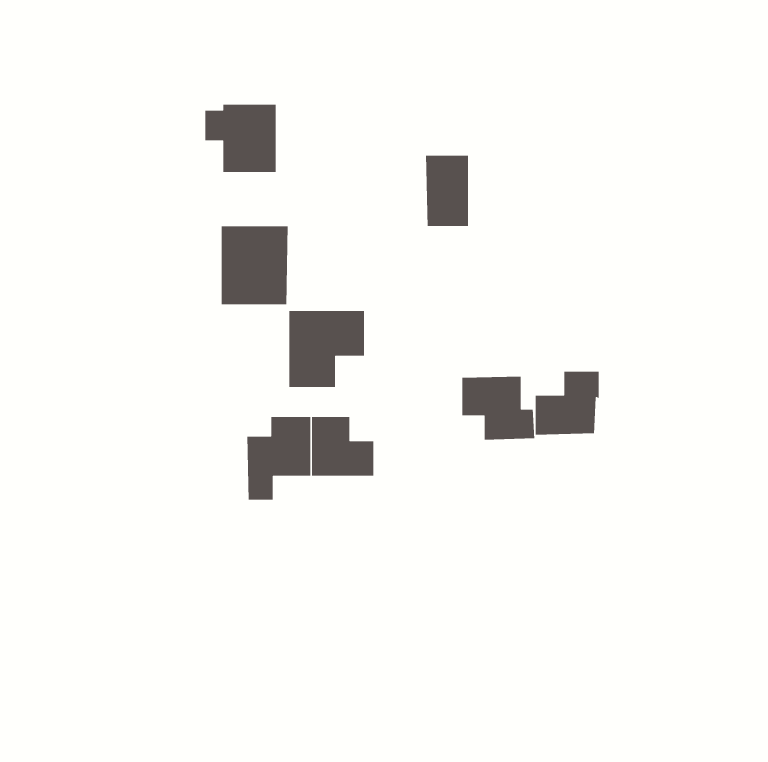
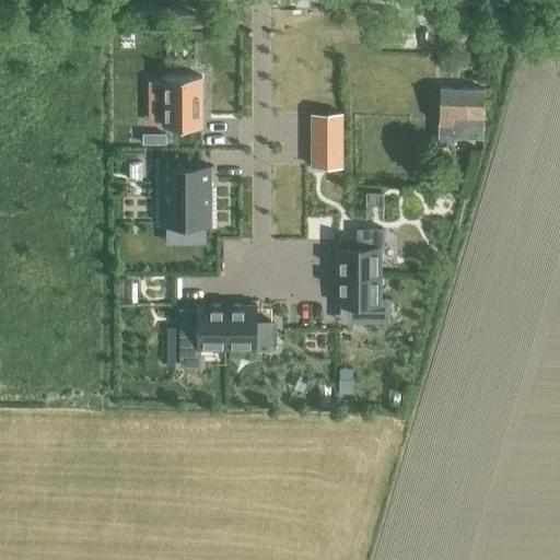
building: none -> [441,91,483,147]
building: [288,310,365,388] -> none
building: [535,371,599,435] -> [336,232,383,279]

